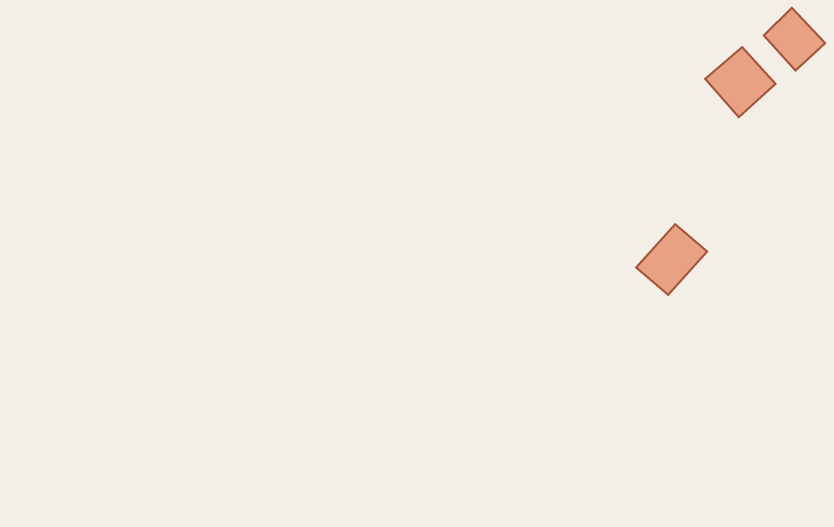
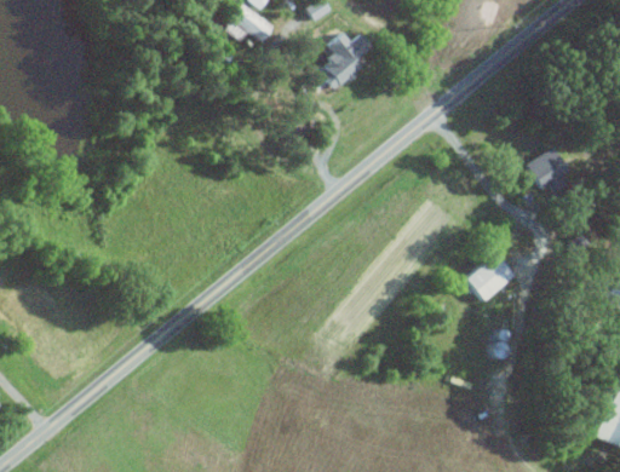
building: [764,8,825,70] -> none

